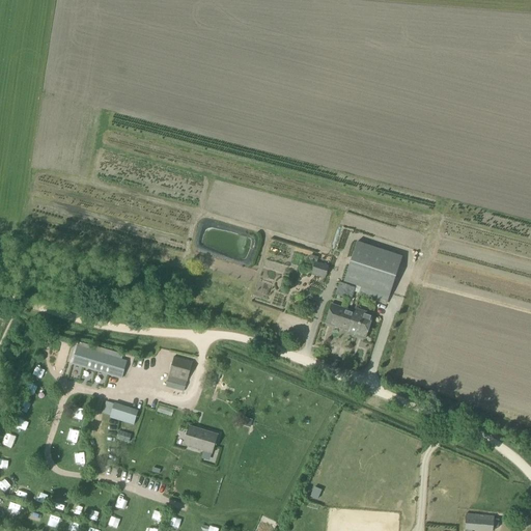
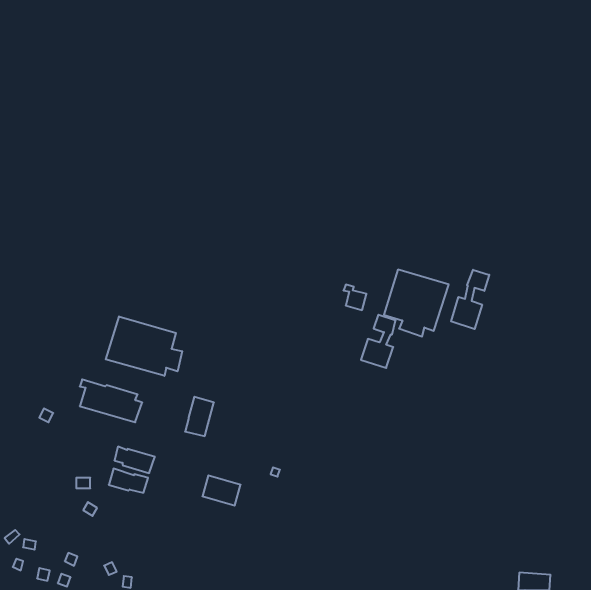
building: none -> [451,270,489,329]
building: none -> [106,316,182,376]
building: [345,309,371,338] -> none

